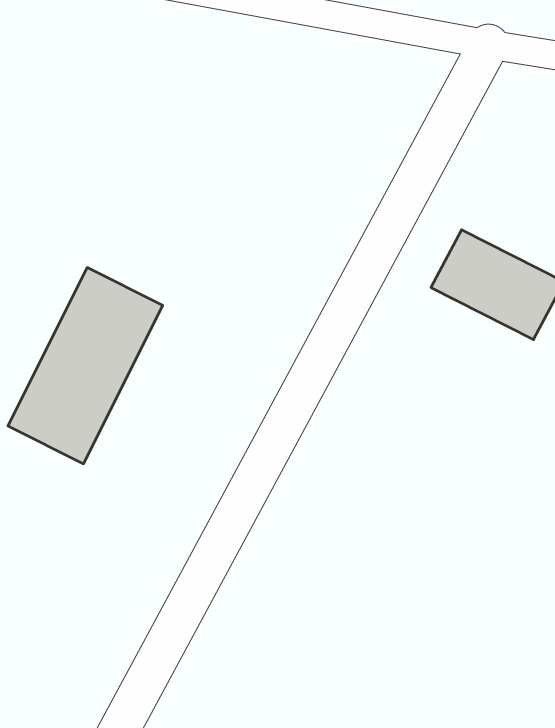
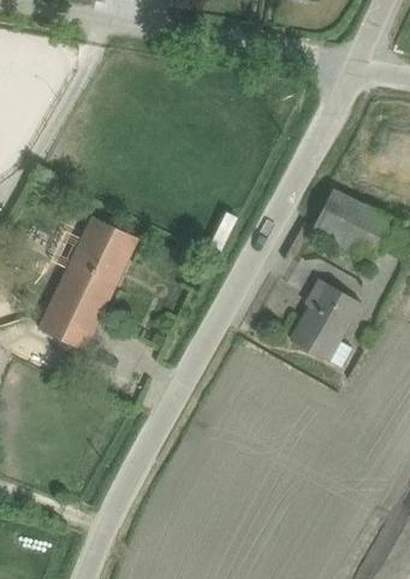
building: none -> [290,279,363,362]

